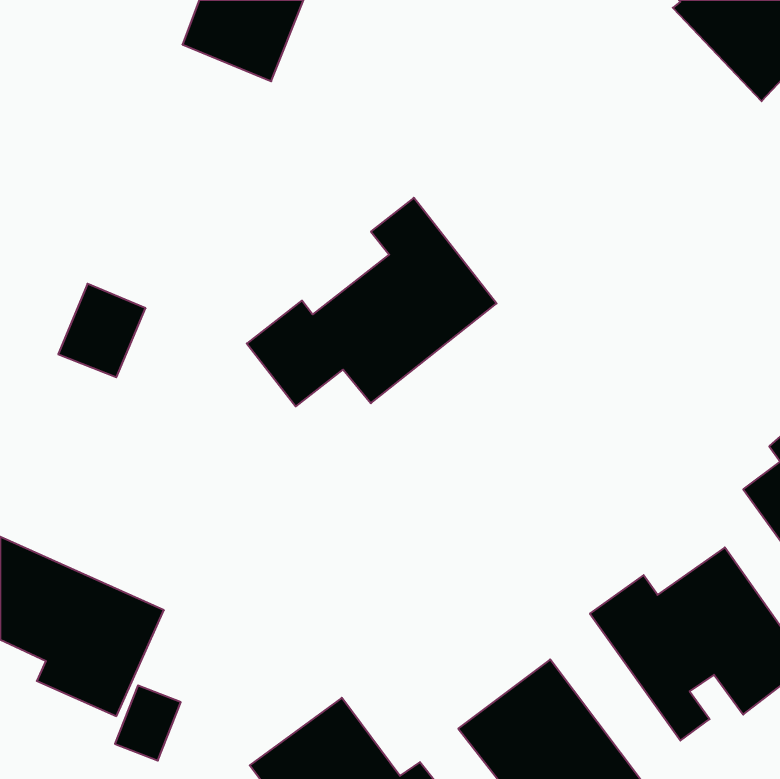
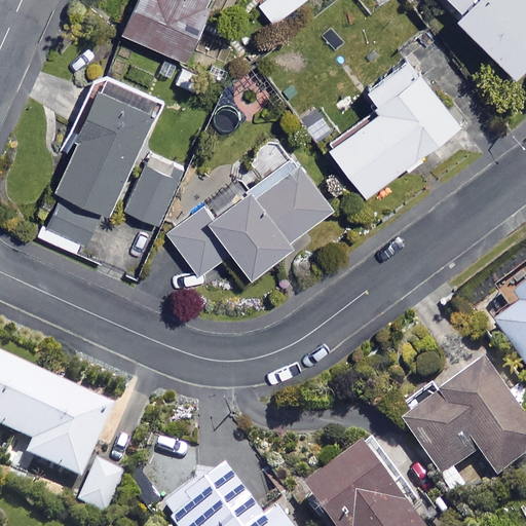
building: none -> [329,54,458,193]
building: none -> [52,72,156,209]
building: none -> [125,152,184,223]

